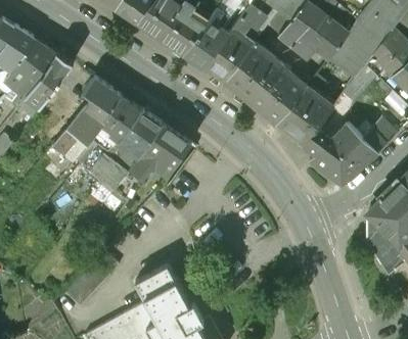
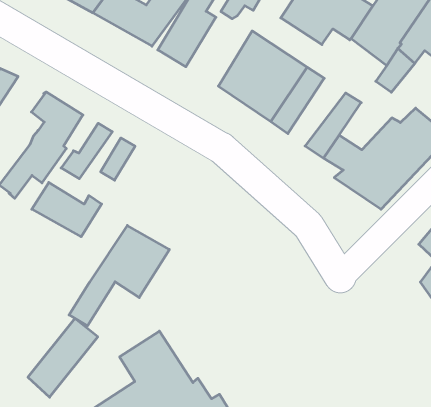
building: [201,28,254,84] -> none
building: [275,72,324,134] -> none
building: [112,126,192,199] -> [69,225,169,326]

